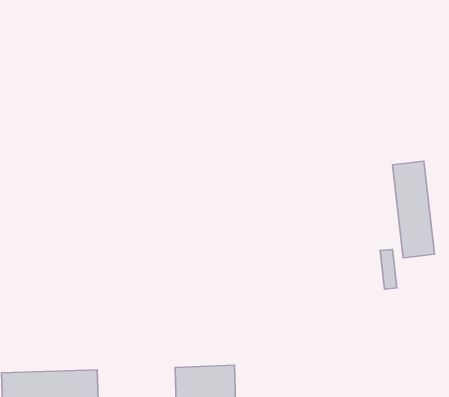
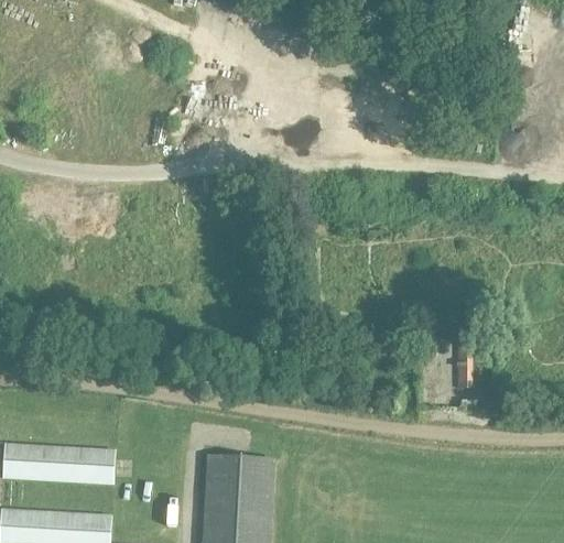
building: [393,161,435,258] -> none

